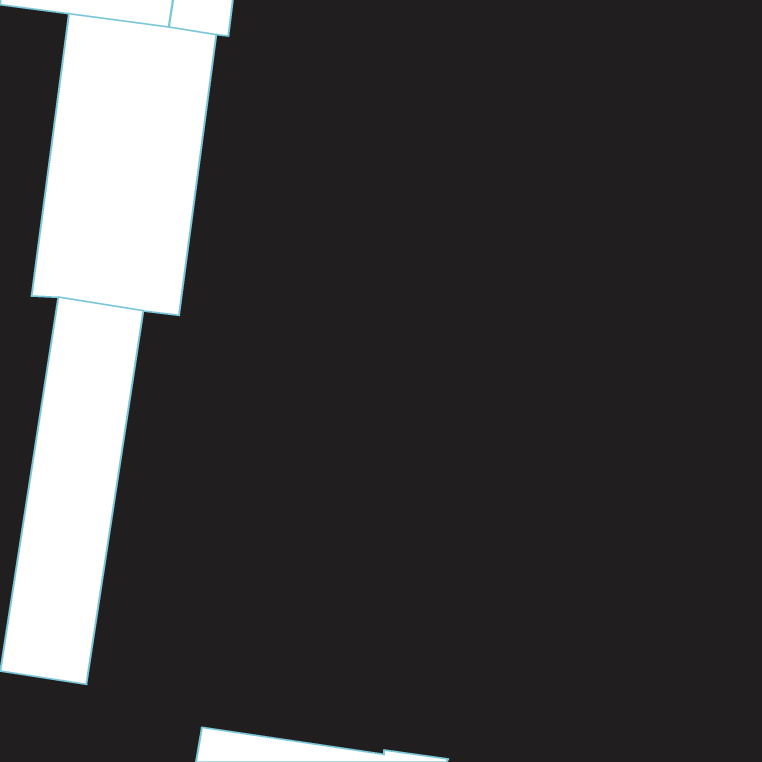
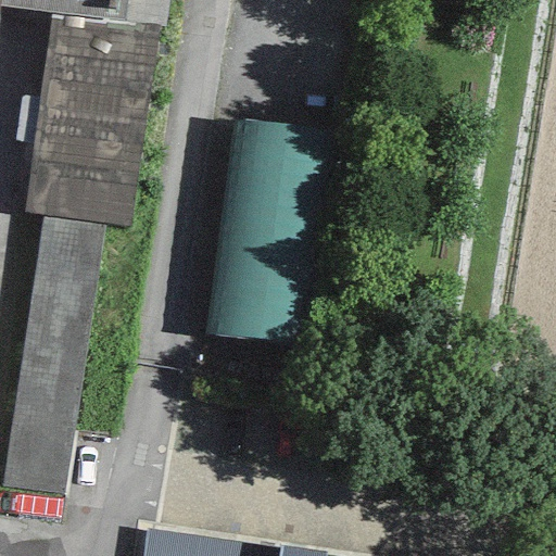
building: none -> [203,116,334,355]

